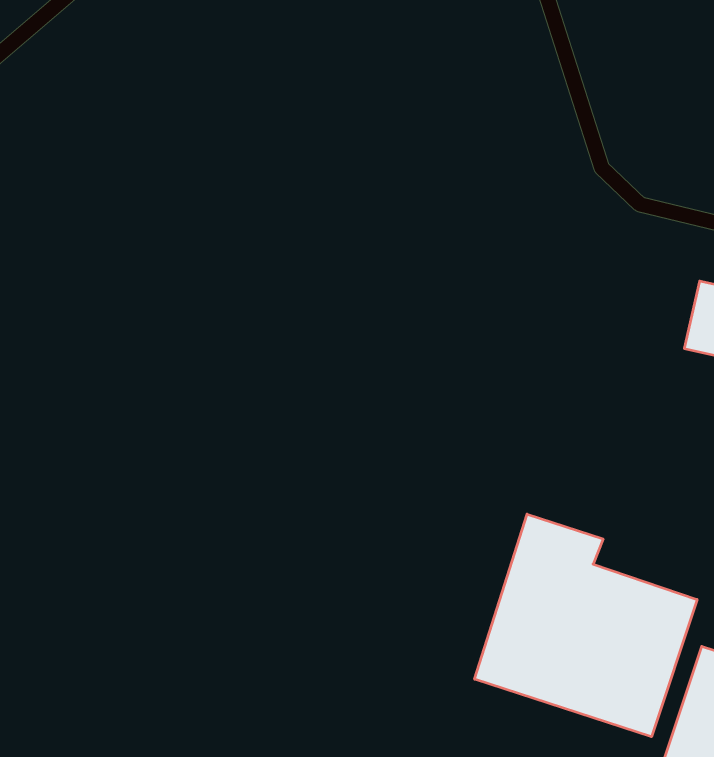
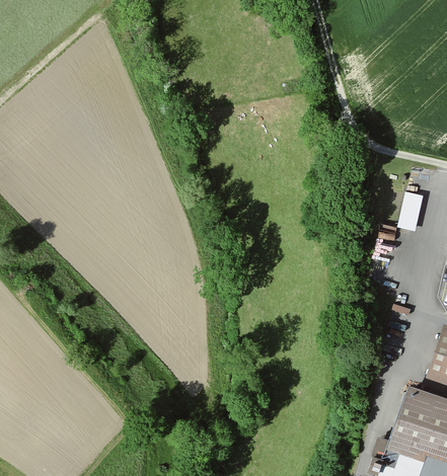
building: [475,514,697,737] -> none

